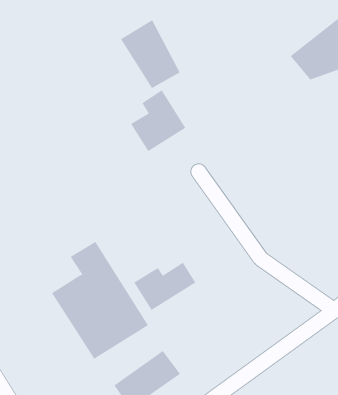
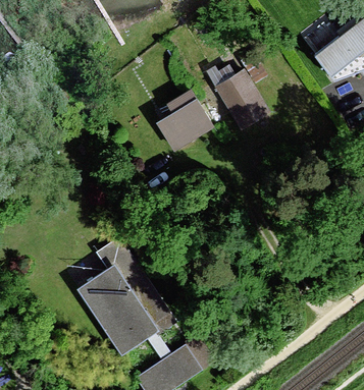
building: [120,19,181,89] -> [215,63,274,131]
building: [133,262,196,311] -> none

